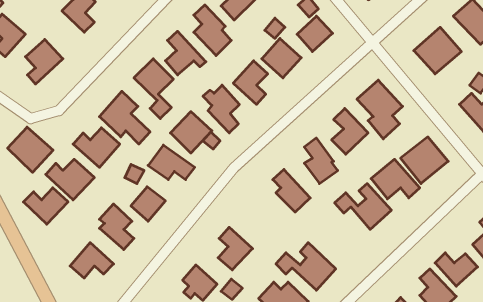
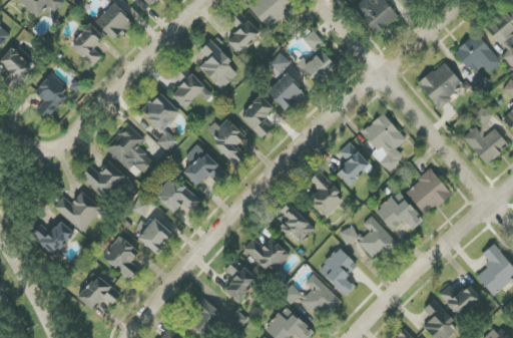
building: [8,127,53,172] -> none
building: none -> [244,237,290,274]
building: none -> [318,248,357,296]

